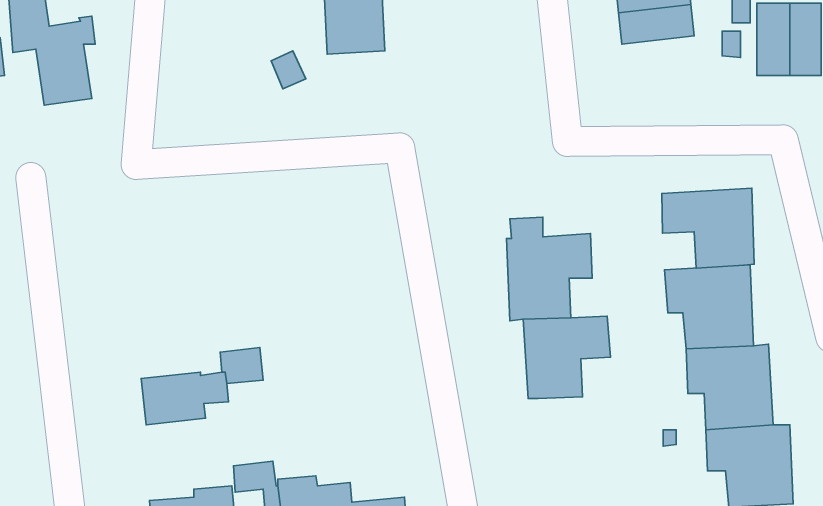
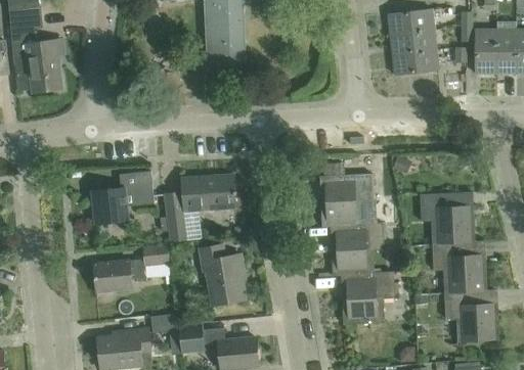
building: none -> [392,49,440,75]
building: [662,188,754,268] -> none
building: none -> [93,170,154,223]
building: none -> [166,175,236,242]
building: none -> [202,244,245,305]
building: none -> [340,271,395,324]

